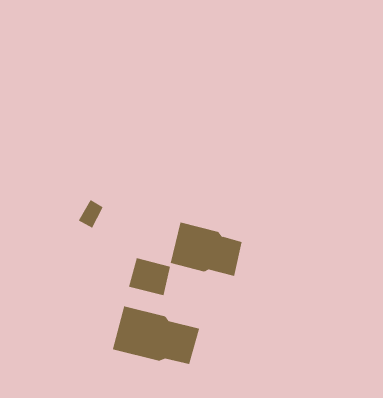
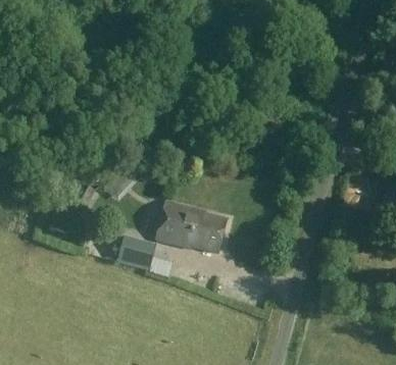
building: [112,306,200,365] -> none

